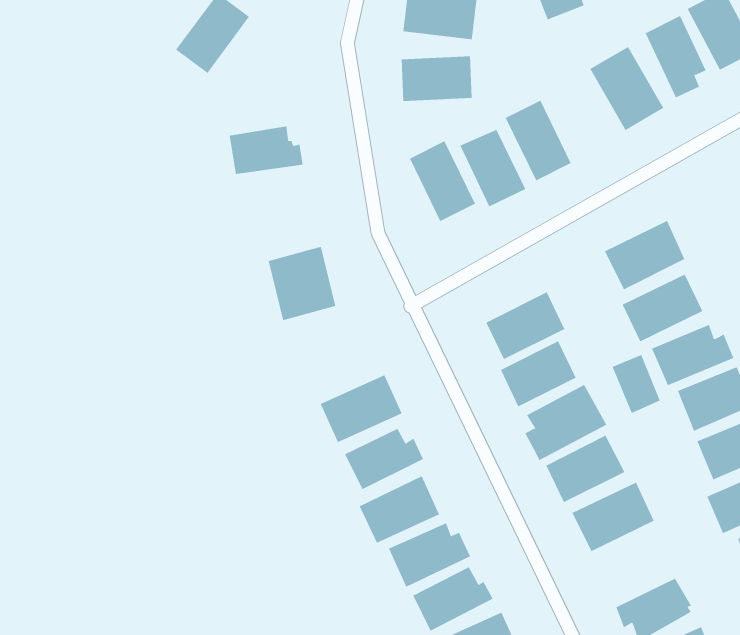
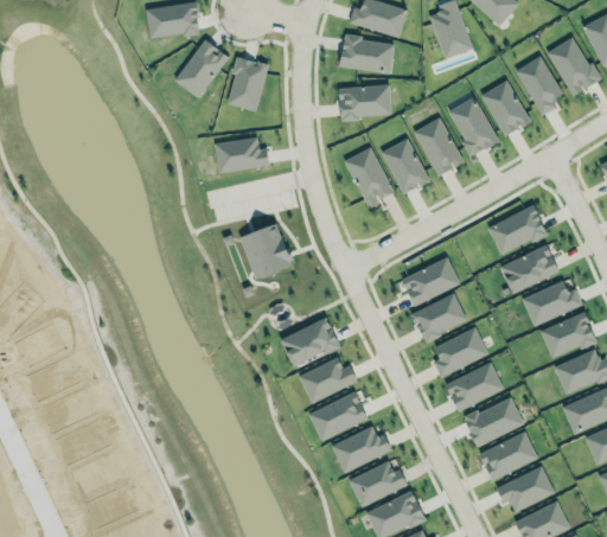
building: none -> [228,57,266,109]
building: none -> [447,96,499,156]
building: [612,354,660,414] -> none
building: none -> [479,431,538,480]

